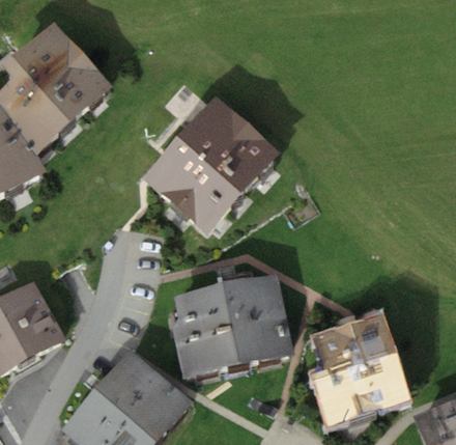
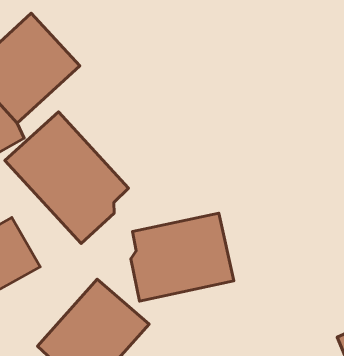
building: [144,110,278,246] -> none
building: none -> [5,112,128,244]
building: [308,310,408,421] -> none

